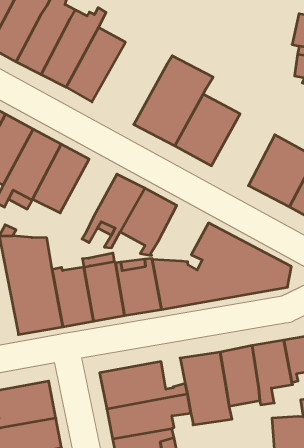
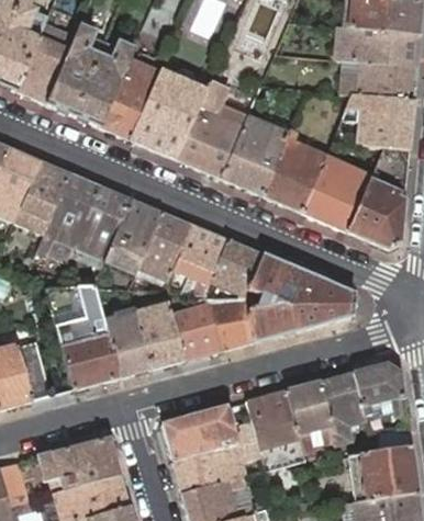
building: none -> [129,71,204,158]
building: none -> [260,132,325,212]
building: none -> [104,199,161,276]
building: none -> [211,239,263,297]

